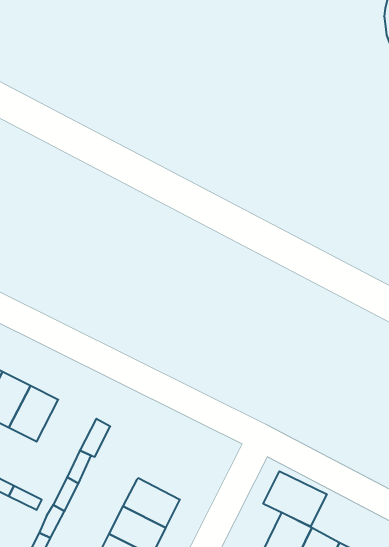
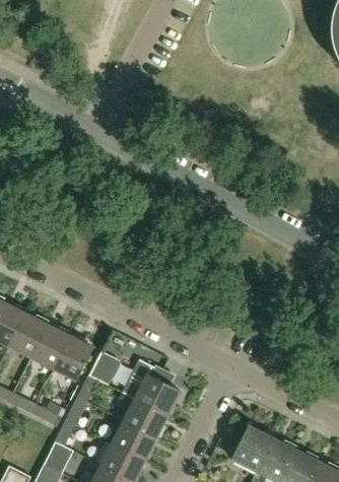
building: none -> [53,335,92,380]
building: none -> [123,359,180,415]
building: [263,471,327,527] -> none

